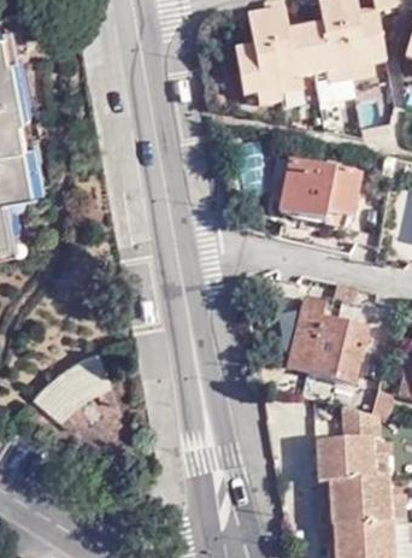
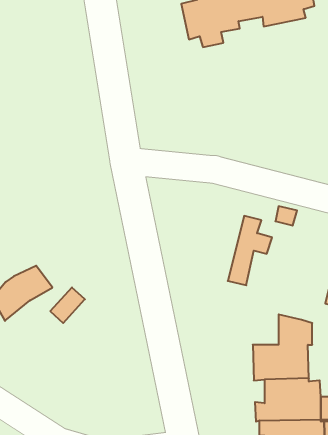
building: [279,160,359,221] -> none
building: [310,321,367,383] -> none

